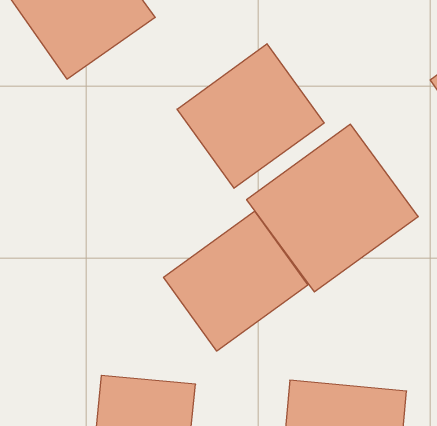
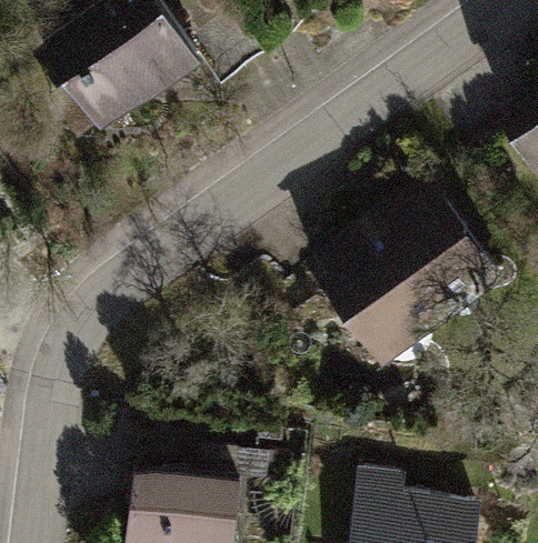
building: [177,44,324,188] -> none
building: [164,211,308,351] -> none

